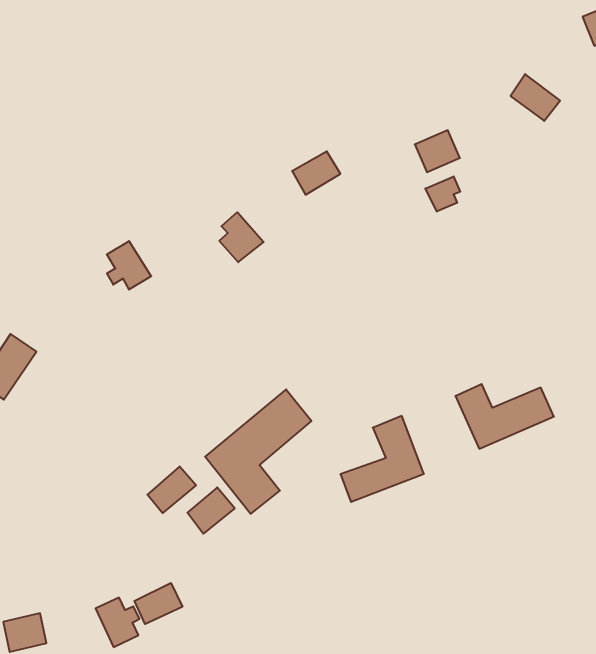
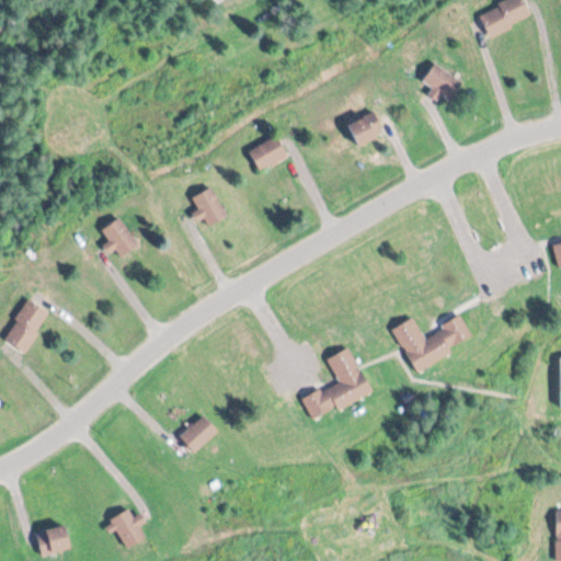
building: [425,176,460,212] -> none
building: [205,389,311,514] -> none
building: [147,466,196,513] -> none
building: [134,583,182,624] -> none

